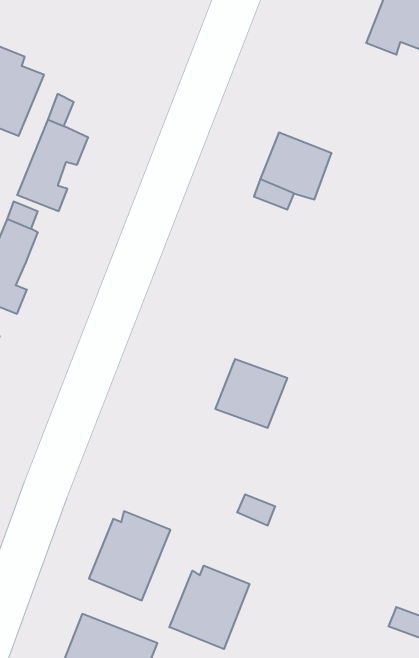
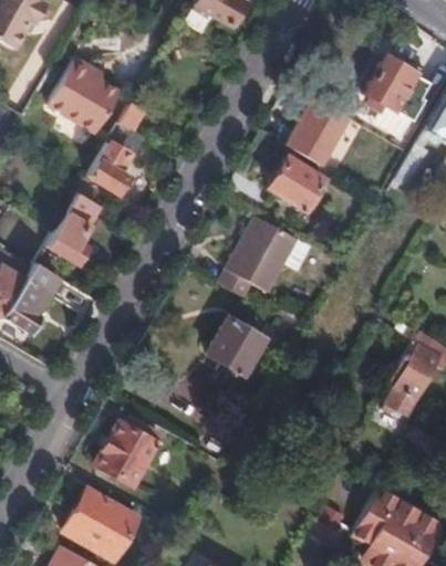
building: none -> [286,98,346,165]
building: none -> [218,217,311,297]
building: [169,566,250,649] -> none

